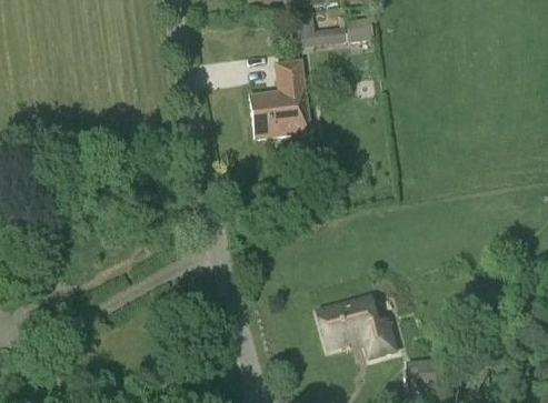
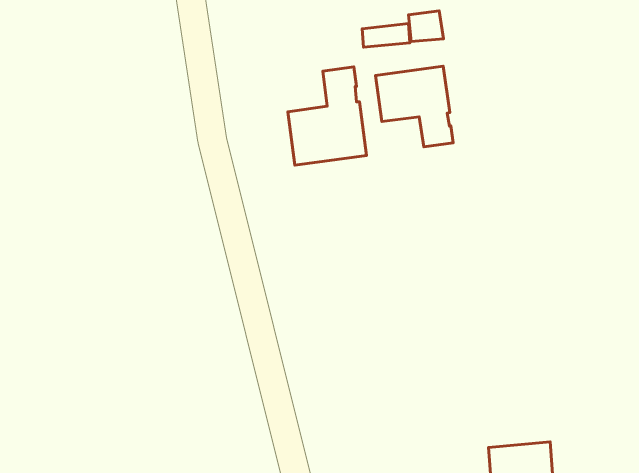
building: none -> [375,66,453,147]
building: [318,295,398,356] -> none

